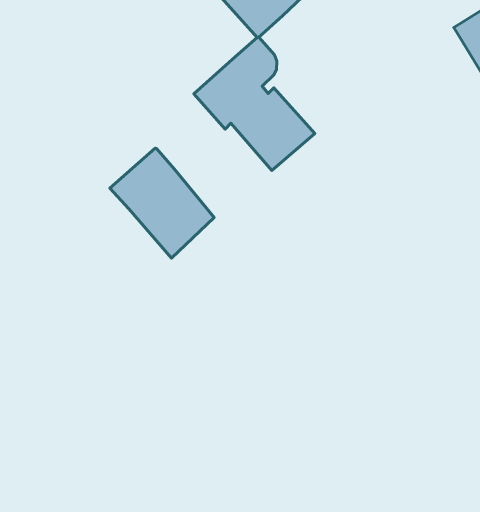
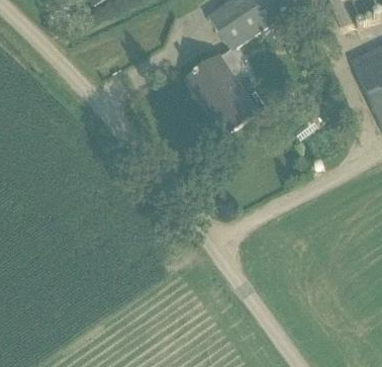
building: [110,148,214,258] -> none

